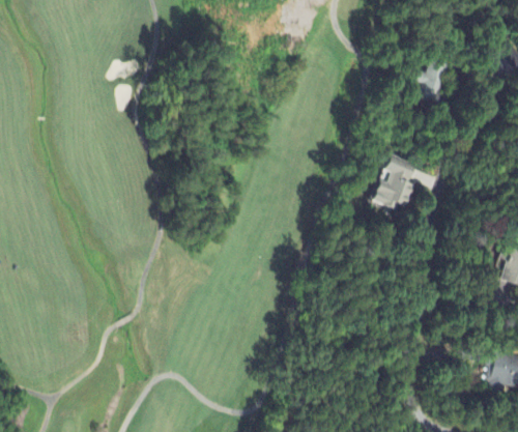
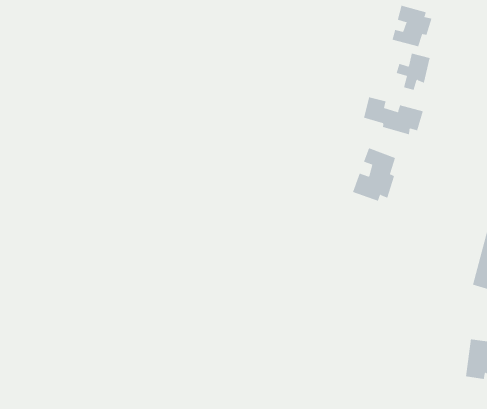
building: none -> [392,5,432,47]
building: none -> [363,96,423,135]

